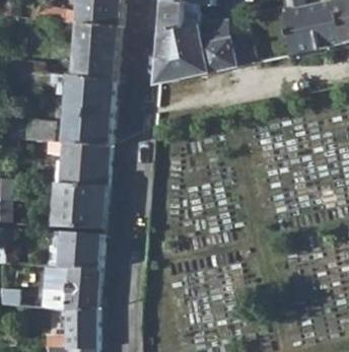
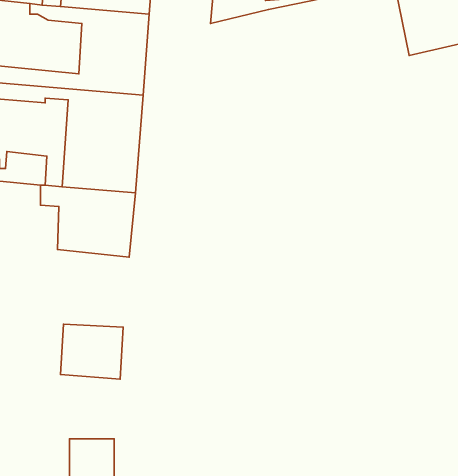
building: [154,23,253,83] -> none
building: [51,183,104,228] -> none
building: [25,265,98,308] -> none

